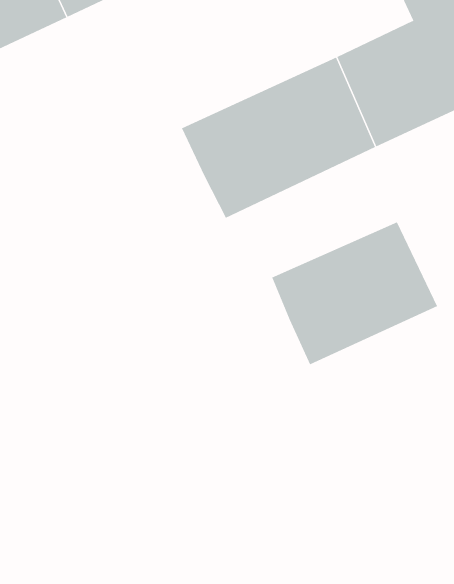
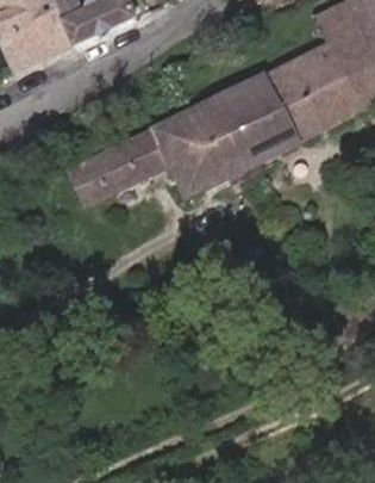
building: none -> [64,128,168,203]
building: [272,222,438,365] -> none

